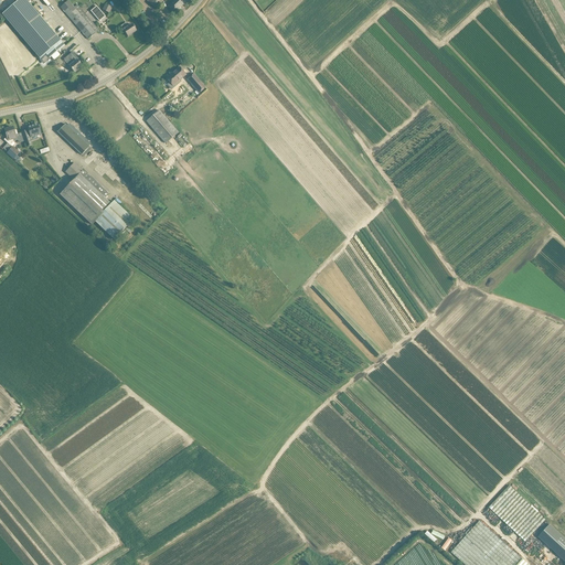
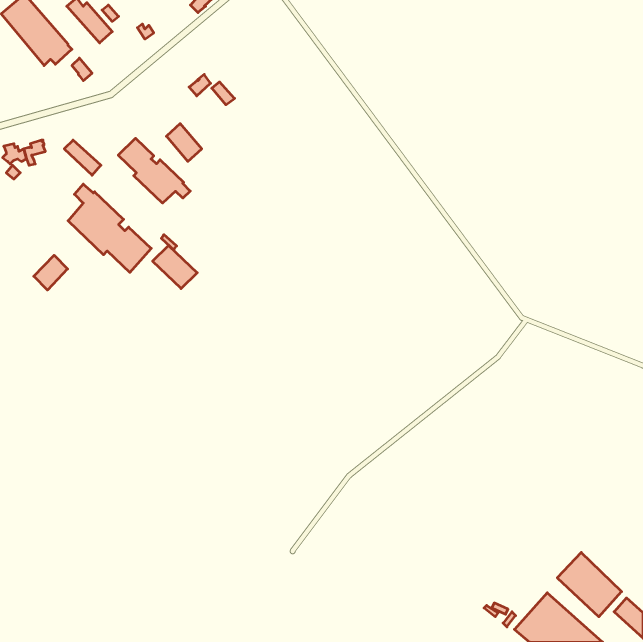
building: none -> [118,138,190,203]
building: none -> [153,245,197,289]
building: none -> [34,255,68,290]

